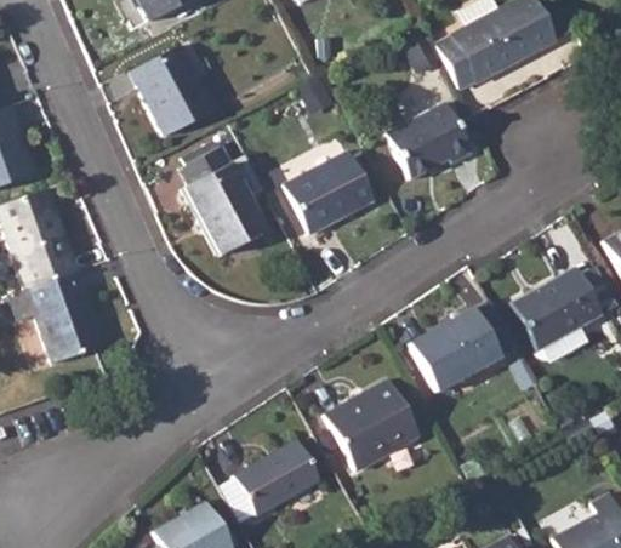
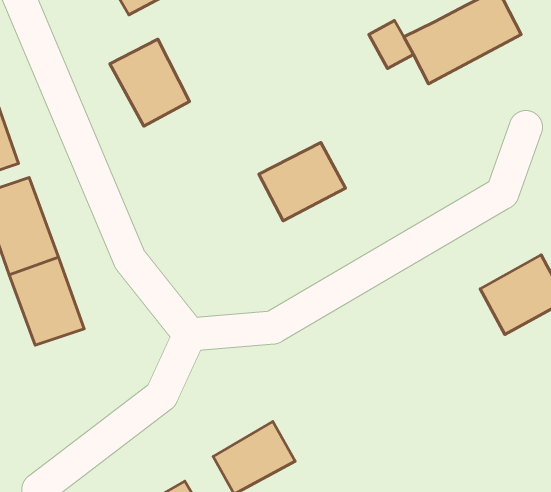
building: [386,101,472,177] -> none
building: [176,144,266,253] -> none
building: [410,308,501,390] -> none
building: [325,379,420,469] -> none

